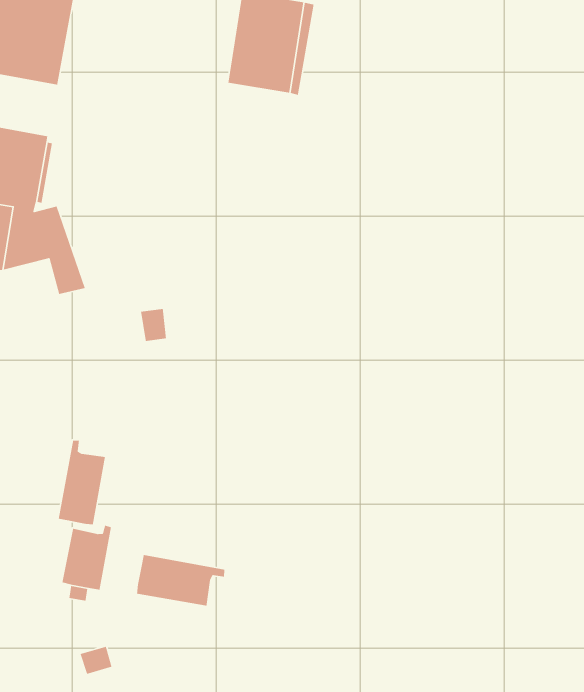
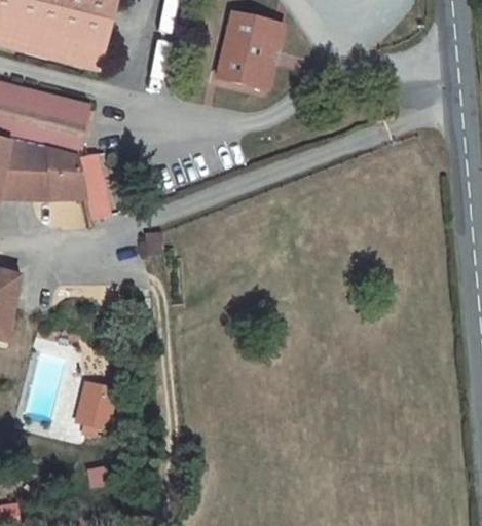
building: [58,440,106,525] -> none
building: [136,554,225,607] -> none

